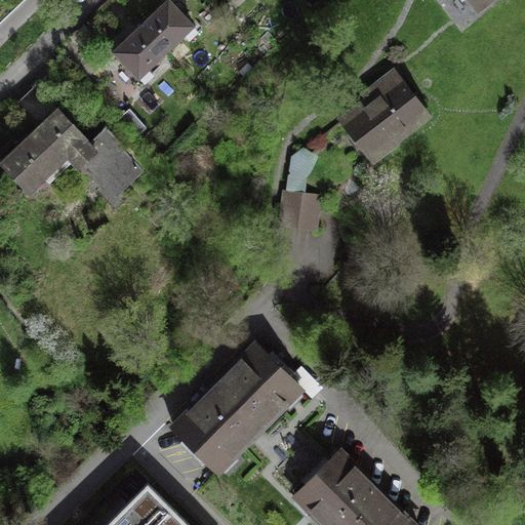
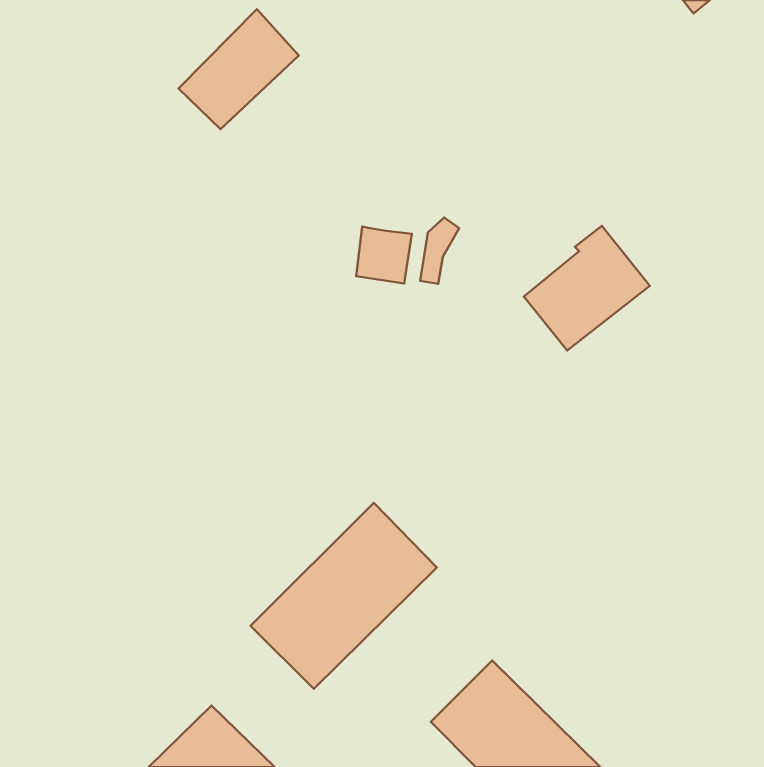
building: [339,73,426,158] -> [524,226,650,350]
building: [7,119,148,207] -> none
building: [279,191,317,230] -> [356,226,412,284]

